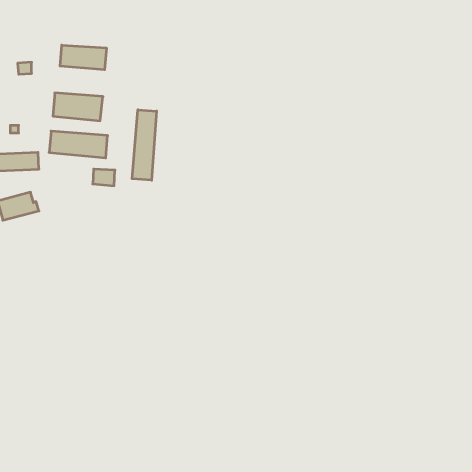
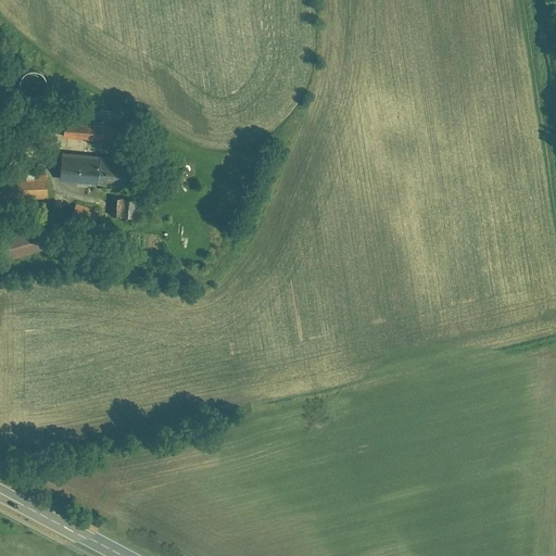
building: [60,45,106,70] -> none
building: [132,110,157,180] -> none

